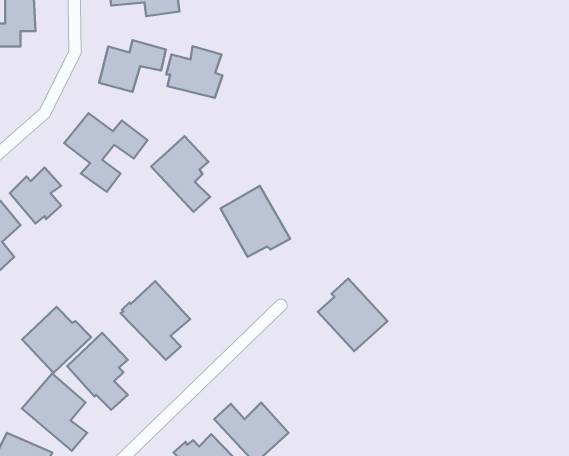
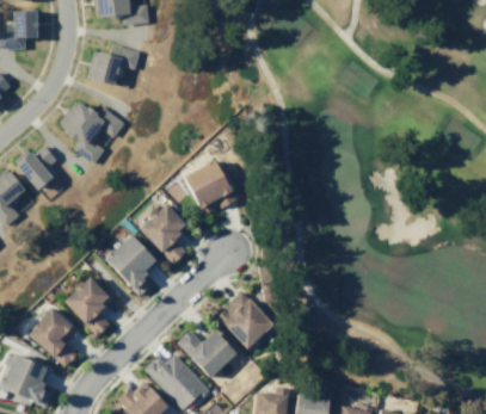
building: [166,46,223,98] -> none
building: [151,136,210,212] -> [140,204,186,264]
building: [318,279,388,351] -> [219,291,273,348]
building: [22,307,91,373] -> none

